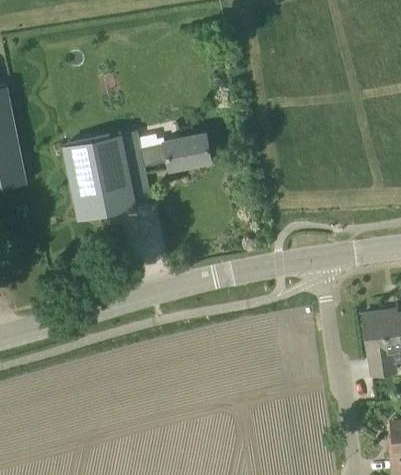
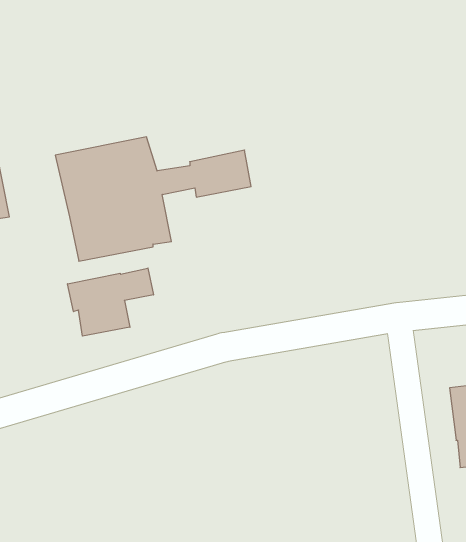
building: none -> [68,268,153,336]

